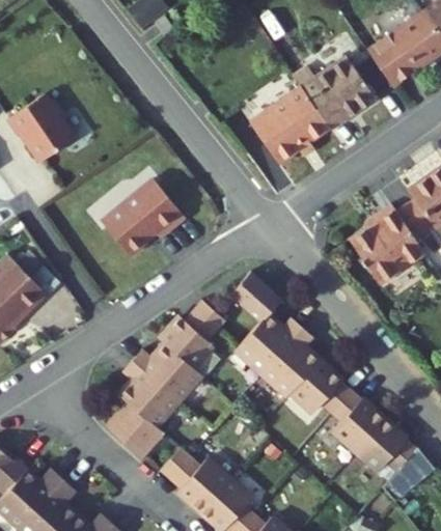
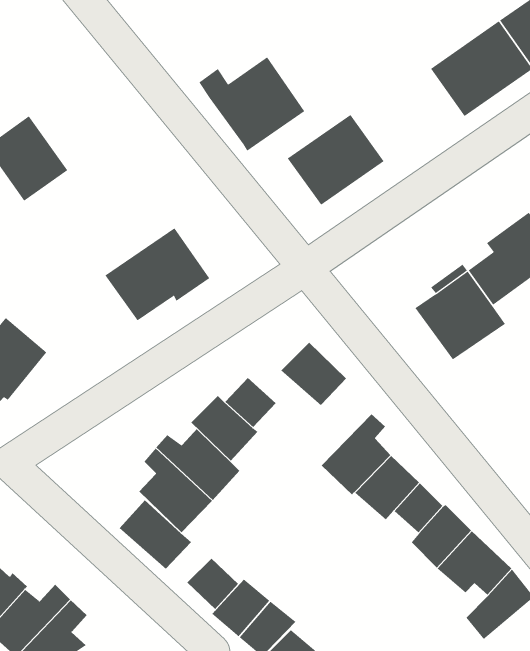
building: [284,59,369,135] -> [198,56,305,151]
building: [246,318,309,372] -> none

